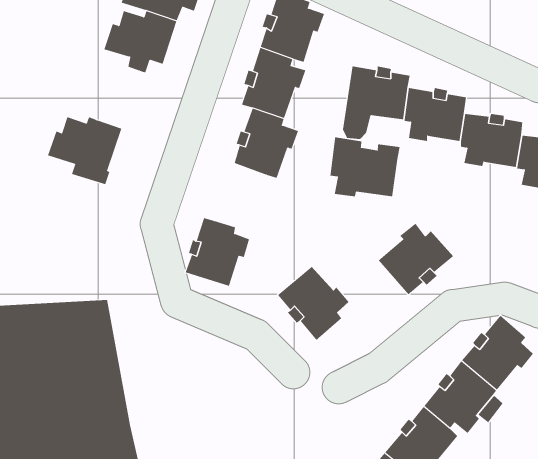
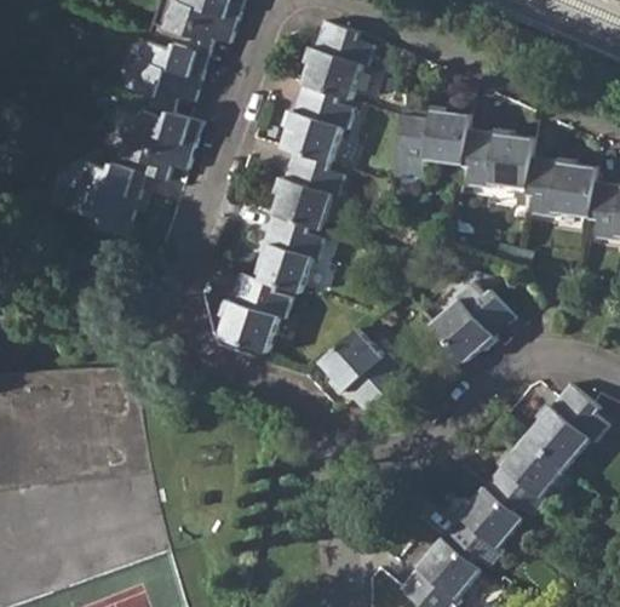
building: none -> [105,111,202,182]
building: [330,136,400,197] -> none
building: none -> [249,214,323,294]

